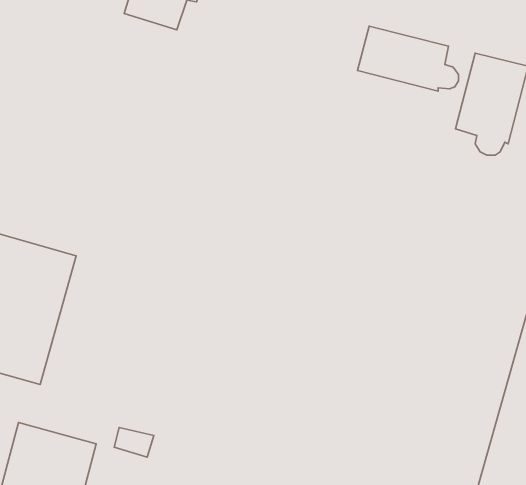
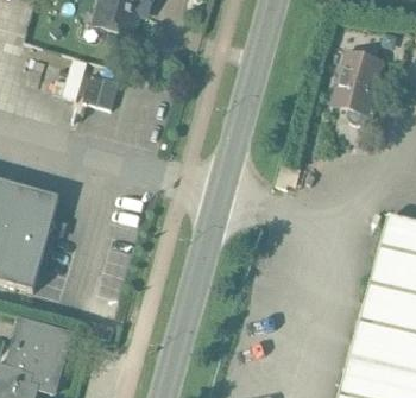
building: [358,26,459,91] -> none
building: none -> [81,72,118,109]

